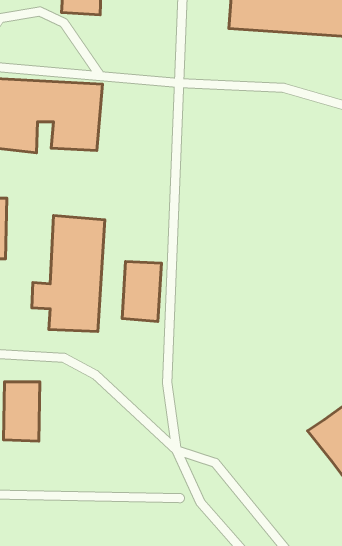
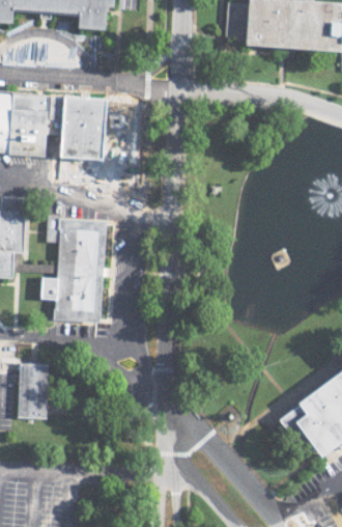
building: [122,262,162,321] -> none

